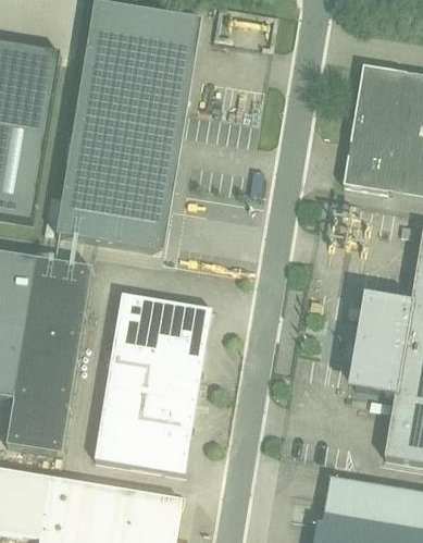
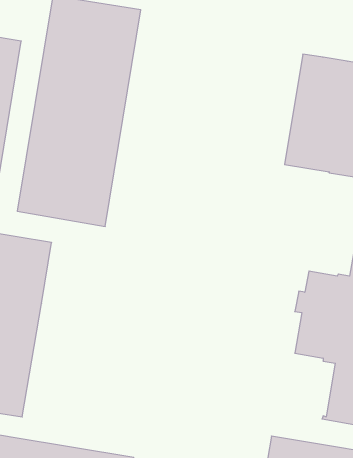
building: [95,293,209,473] -> none

